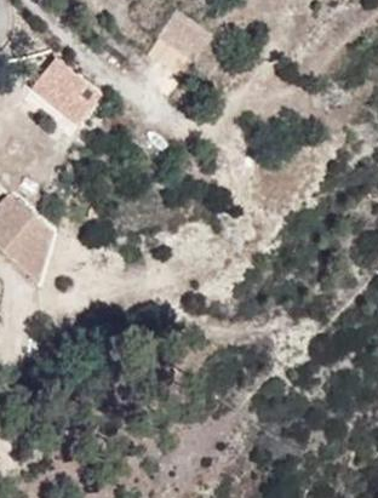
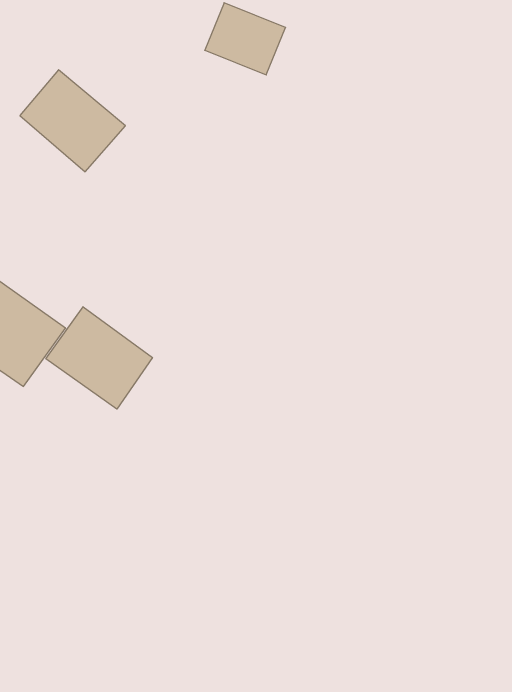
building: none -> [46,307,152,409]

